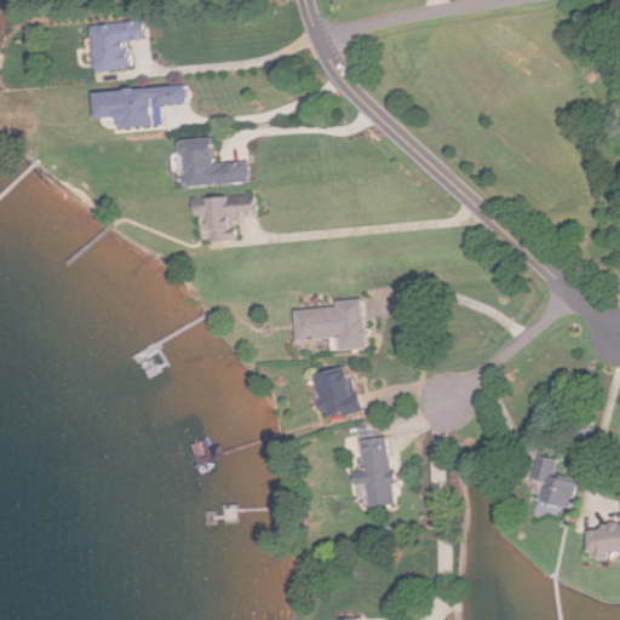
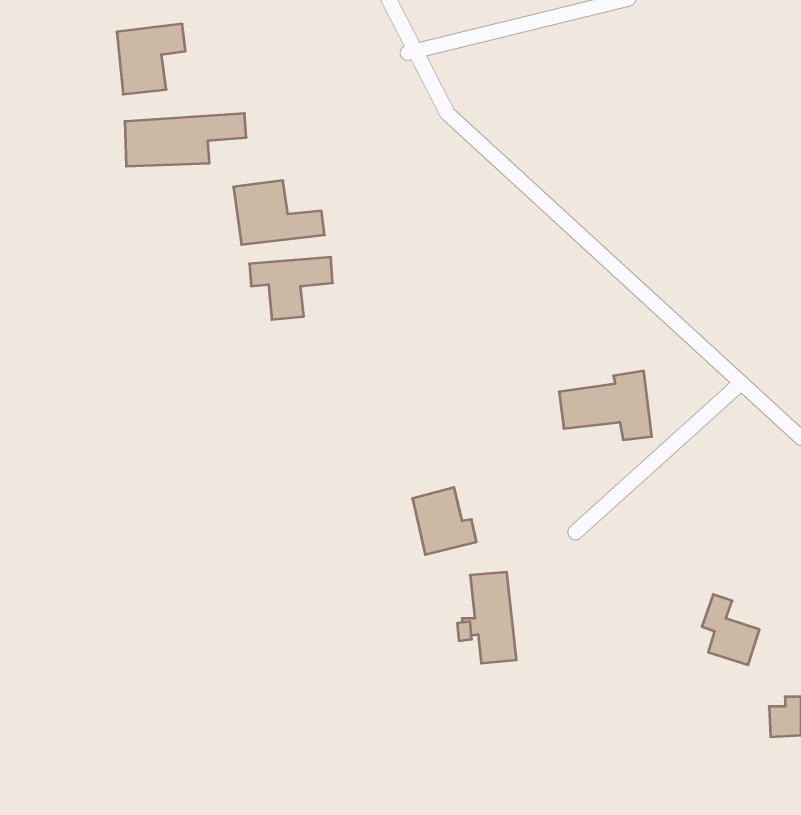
building: [295,298,366,350] -> [559,371,652,440]

